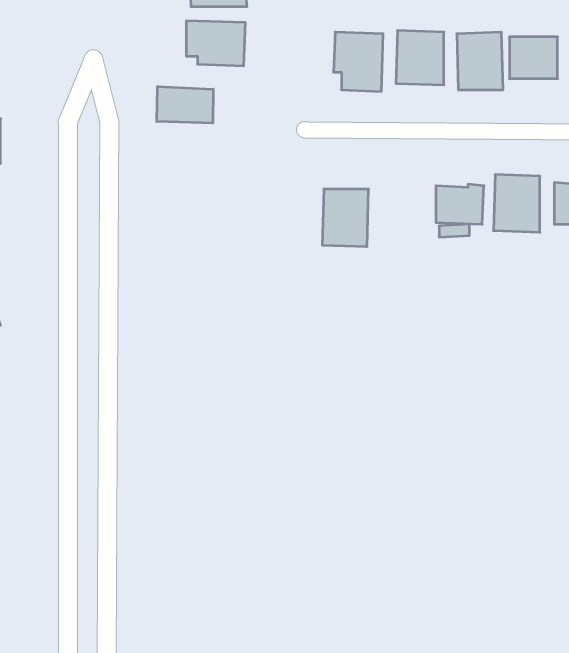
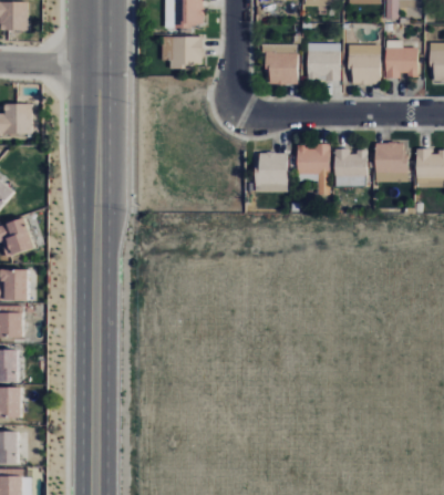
building: [157,86,213,123] -> none
building: none -> [297,145,330,195]

